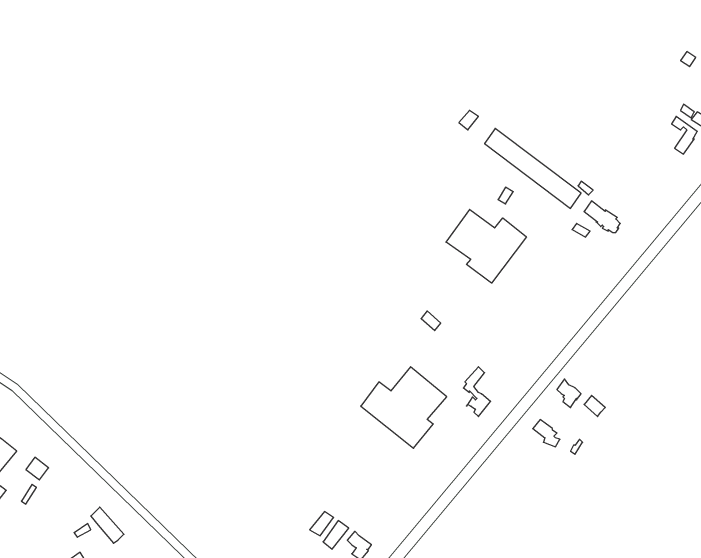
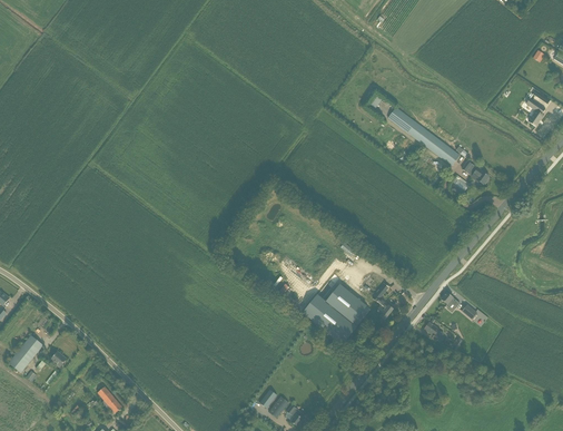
building: [446,209,526,283] -> none

